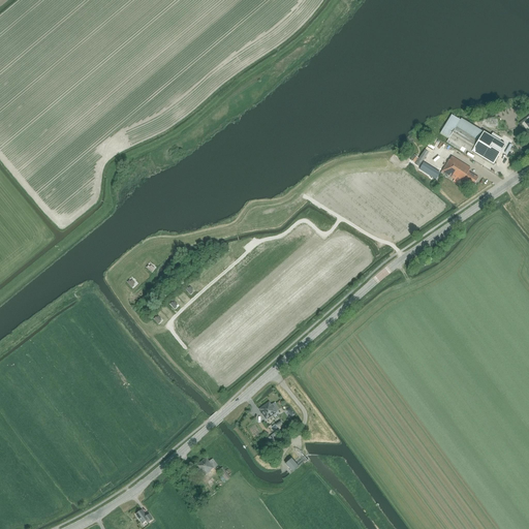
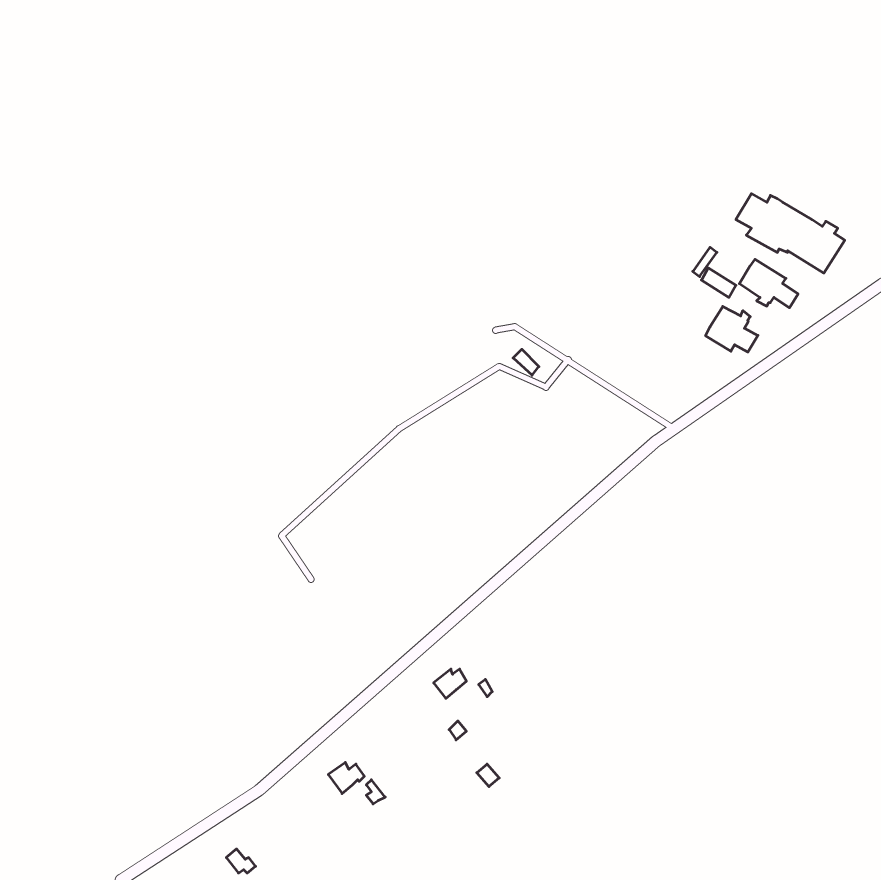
building: none -> [706,306,758,352]

